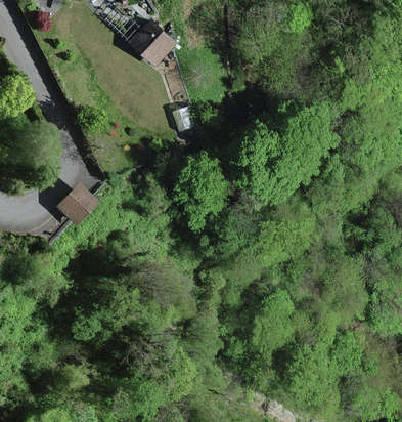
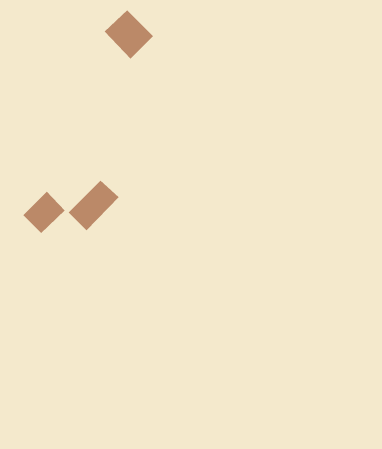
building: none -> [68,180,119,231]

